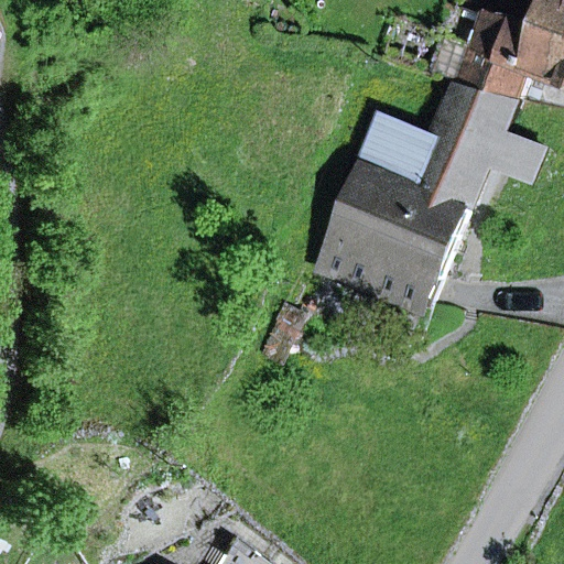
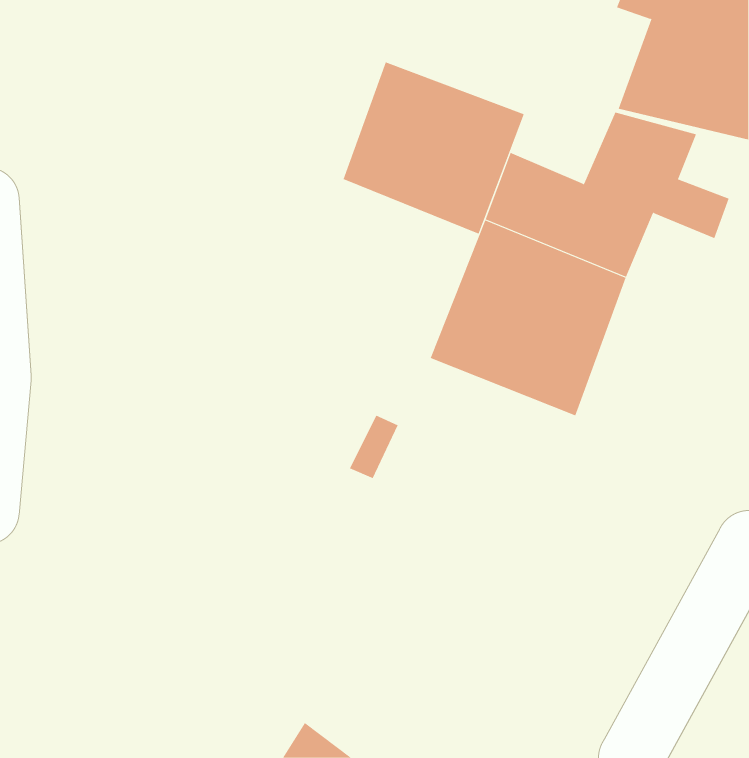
building: none -> [343,61,524,234]

